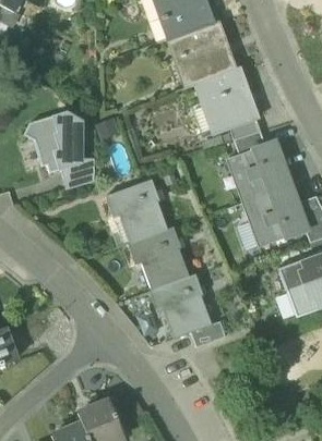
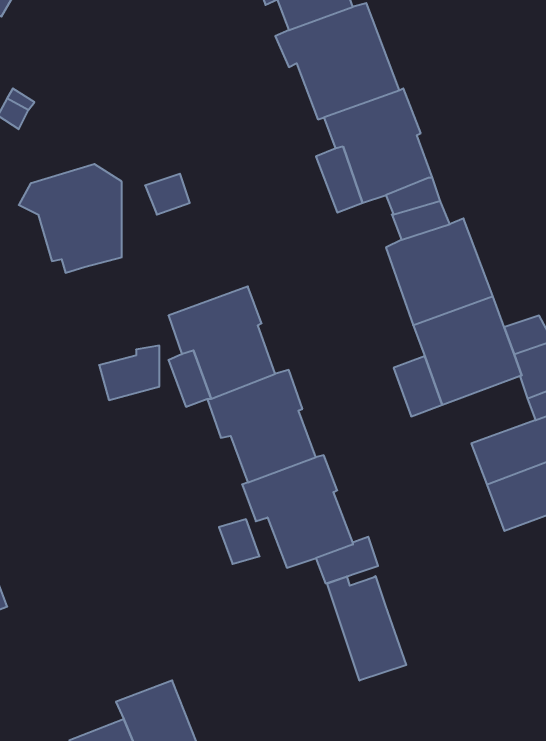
building: [61,158,95,188] -> [99,346,159,400]
building: none -> [327,576,406,681]

